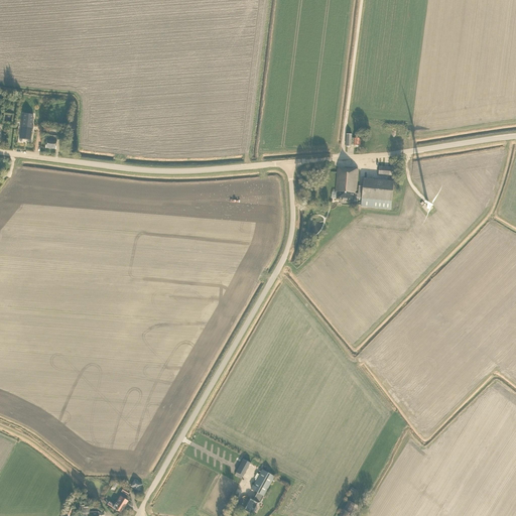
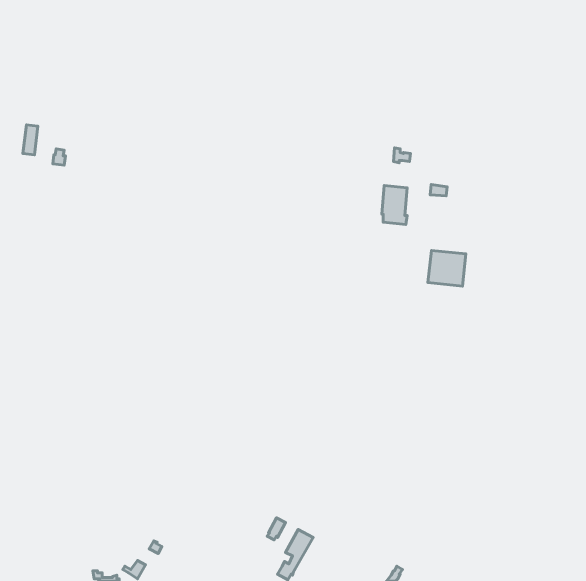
building: [361,174,394,206] -> [428,251,466,286]

